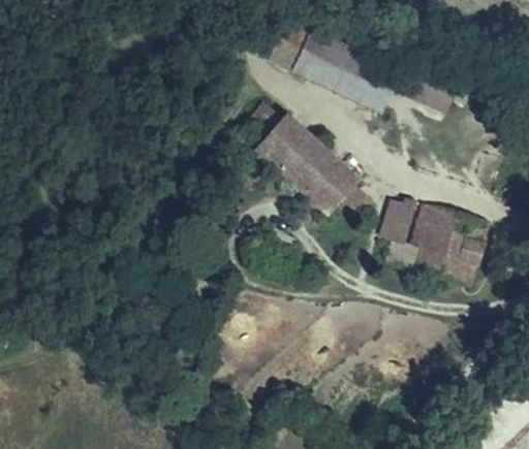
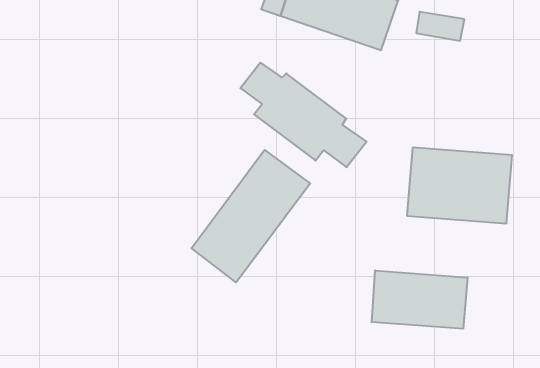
building: none -> [191,150,310,282]
building: none -> [372,270,468,329]

